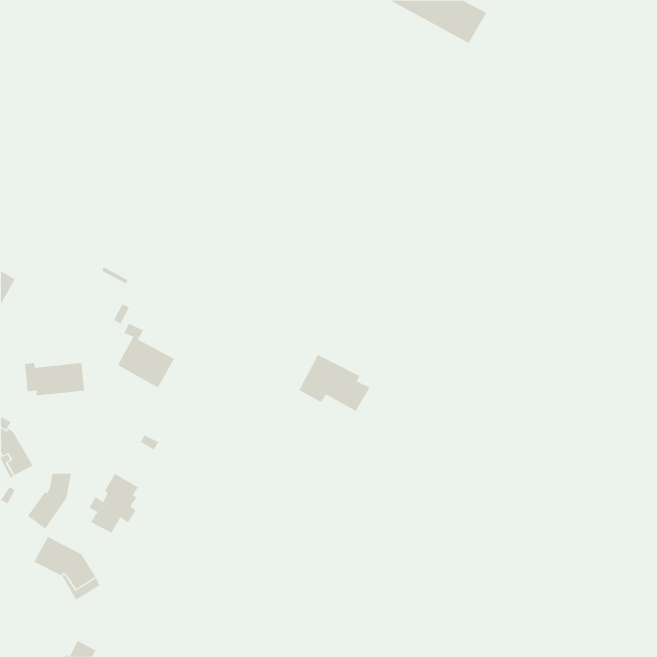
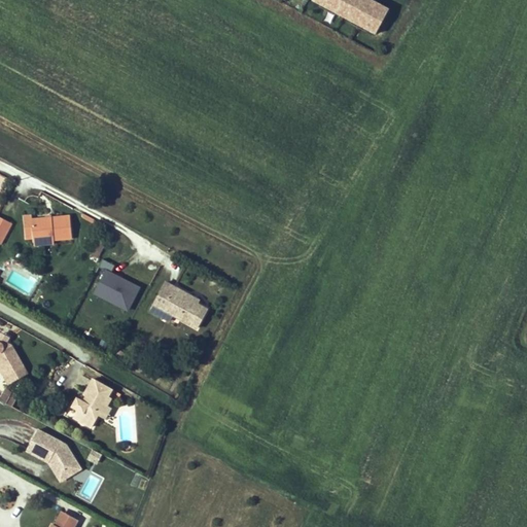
building: [298,354,370,412] -> [150,281,208,327]
building: [24,362,85,396] -> [24,215,72,242]
building: [27,473,72,529] -> none

